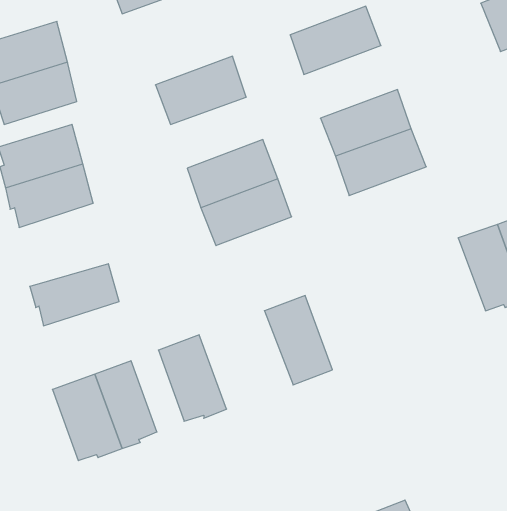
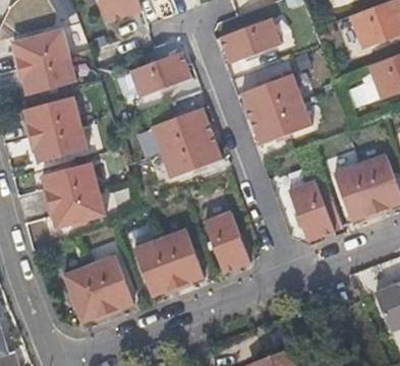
building: none -> [42,162,99,204]
building: none -> [288,179,335,240]
building: none -> [160,228,203,287]

